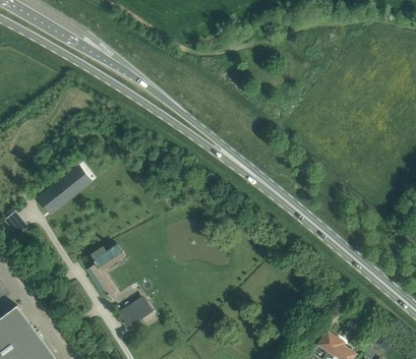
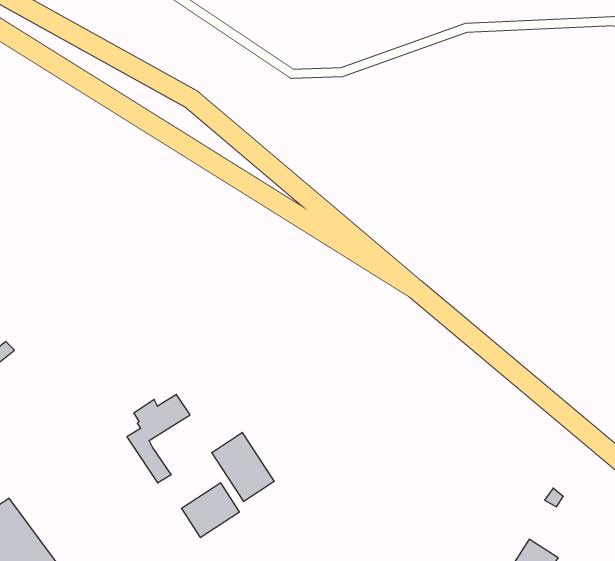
building: [41,163,93,210] -> none
building: none -> [212,432,274,502]

